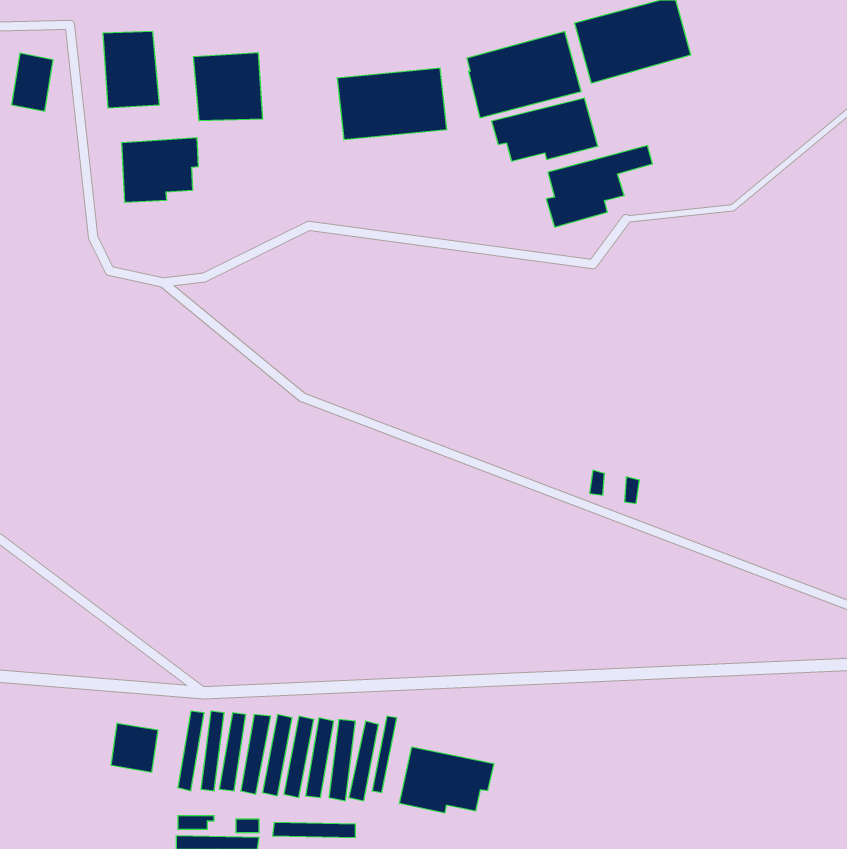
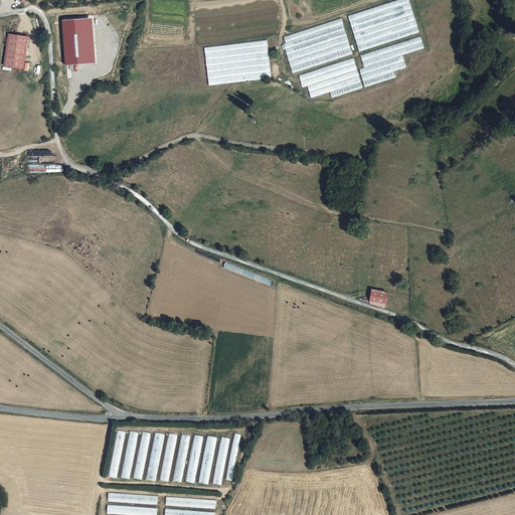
building: [194,52,263,121] -> none
building: [122,138,198,203] -> none
building: [546,146,653,227] -> [359,37,423,87]
building: [111,723,158,772] -> none
building: [399,747,494,813] -> none

